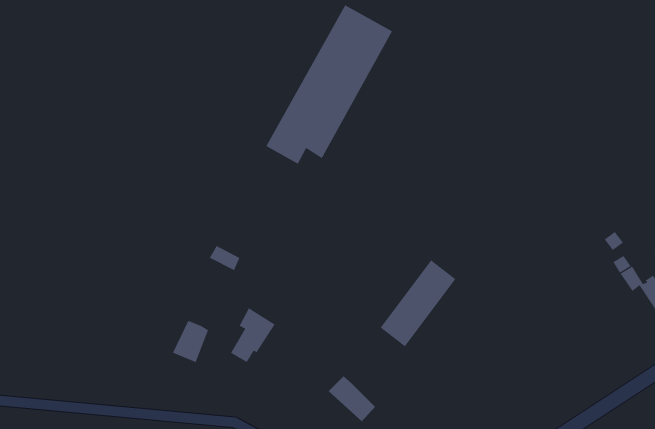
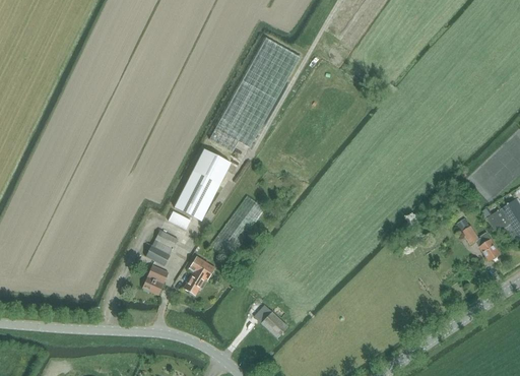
building: none -> [174,150,231,223]
building: [380,259,456,347] -> [210,197,265,260]
building: none -> [145,231,178,267]

